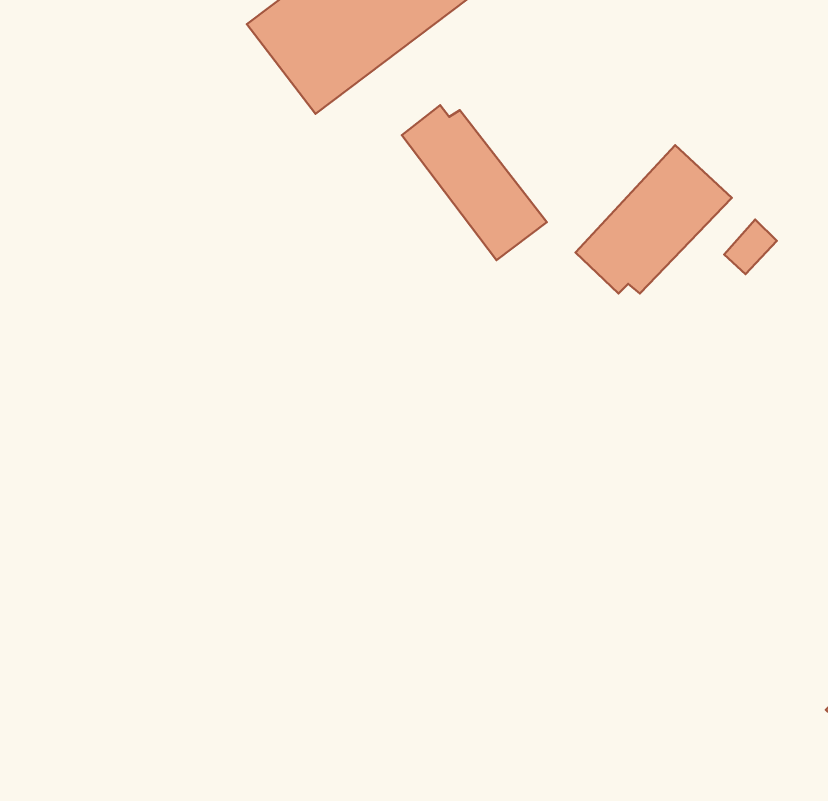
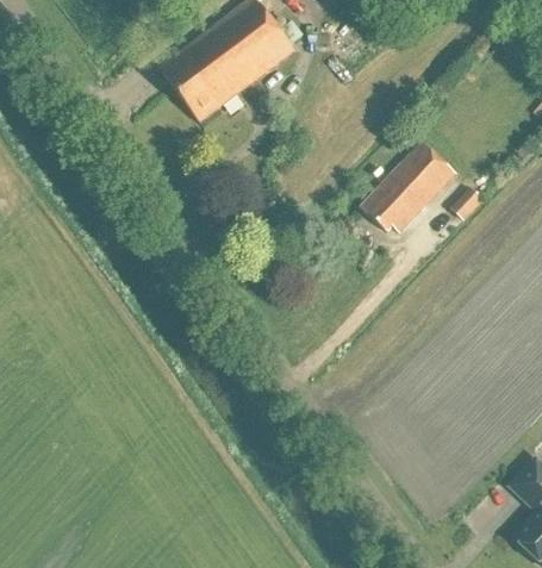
building: [402,105,547,260] -> none

